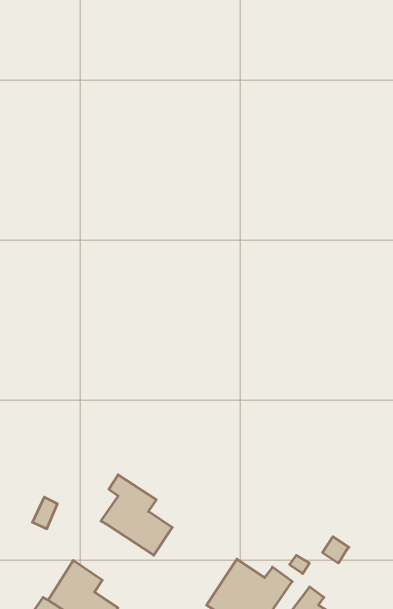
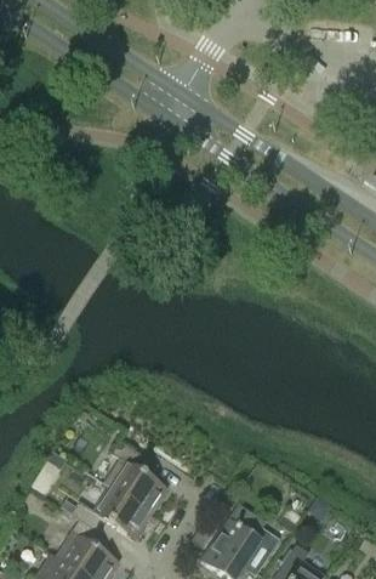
building: none -> [70,486,152,539]

